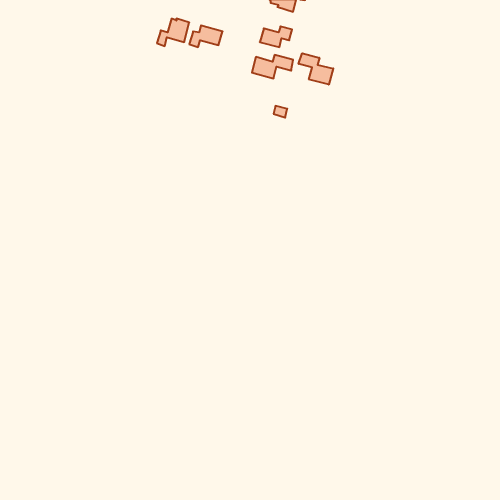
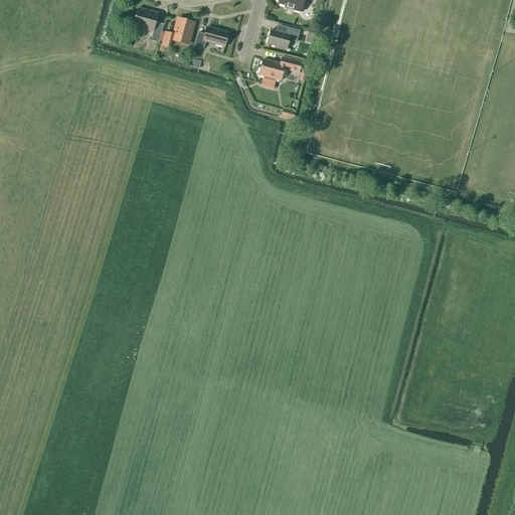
building: none -> [134,7,164,42]
building: [299,53,333,85] -> none

